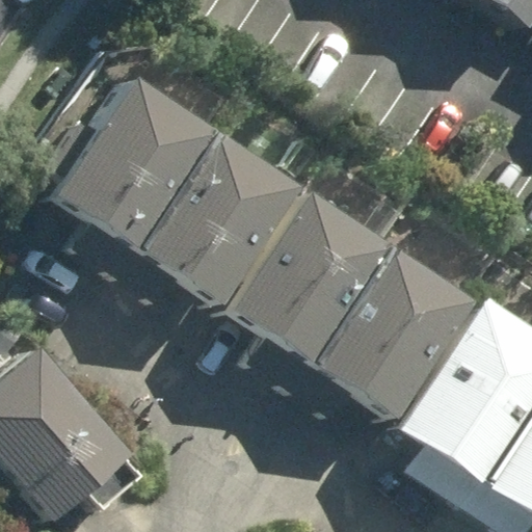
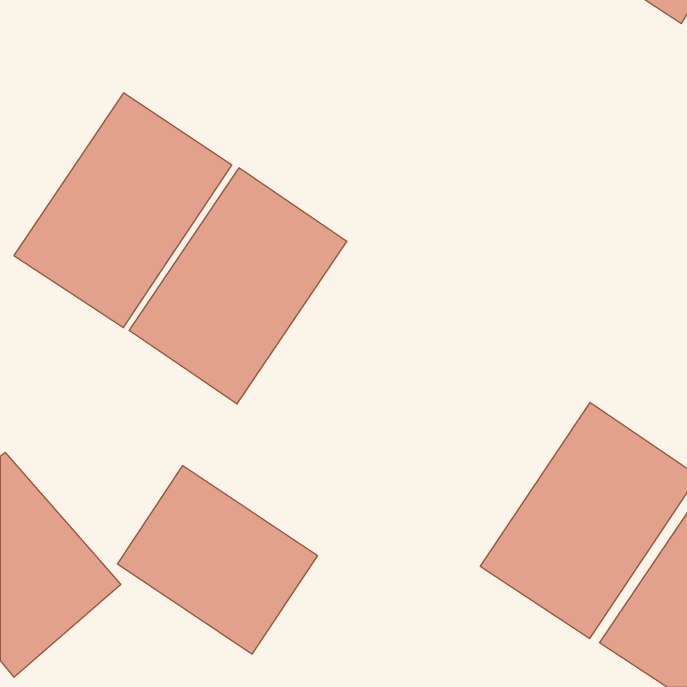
building: [204,185,368,362] -> none
building: [291,242,454,419] -> none
building: none -> [117,466,317,654]

